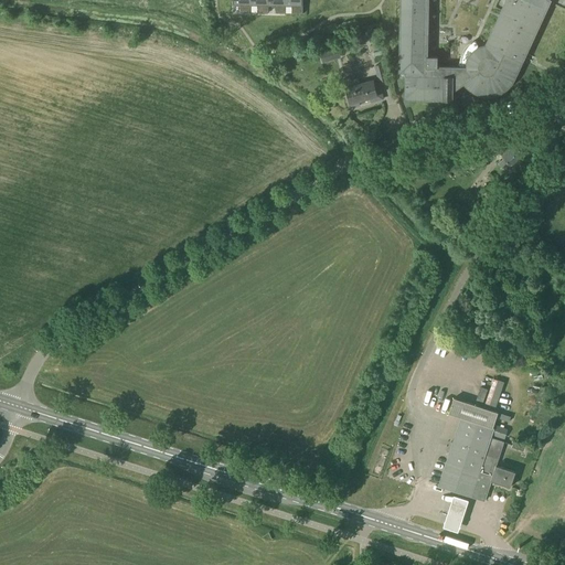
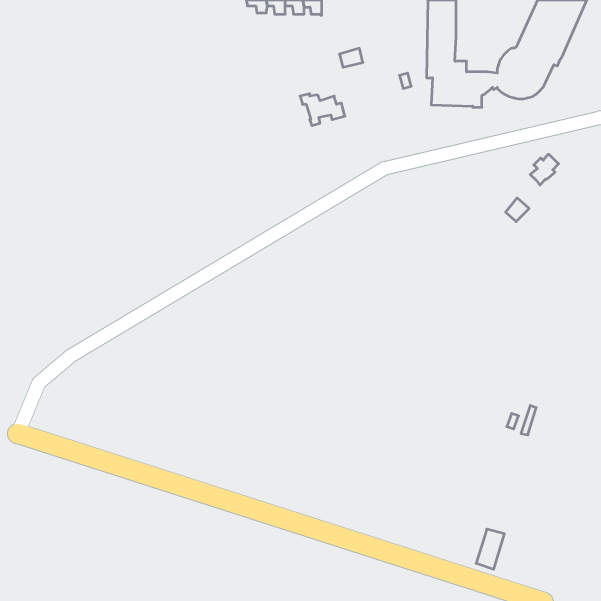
building: [340,79,382,109] -> [300,94,345,126]
building: [438,399,514,501] -> none

